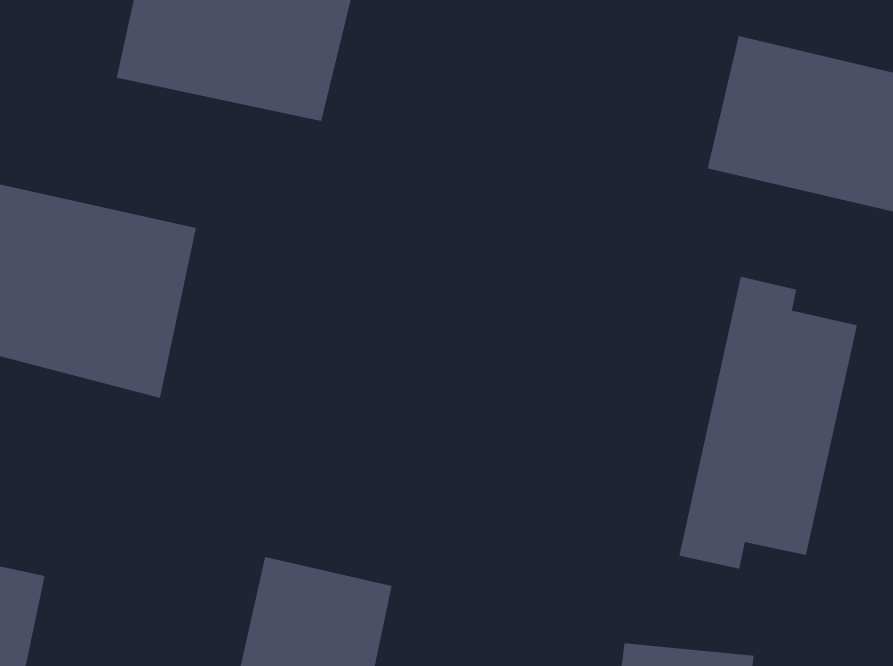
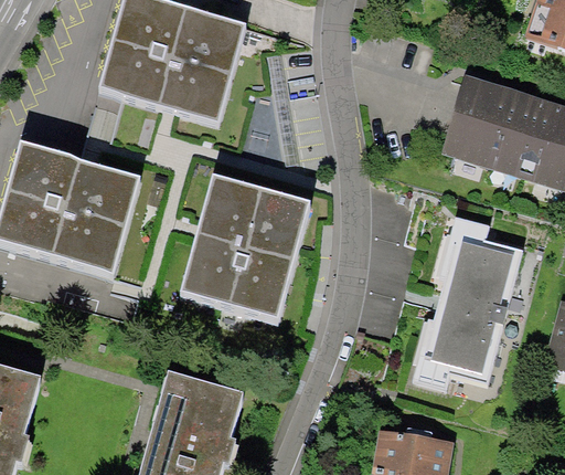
building: none -> [180,173,312,318]

